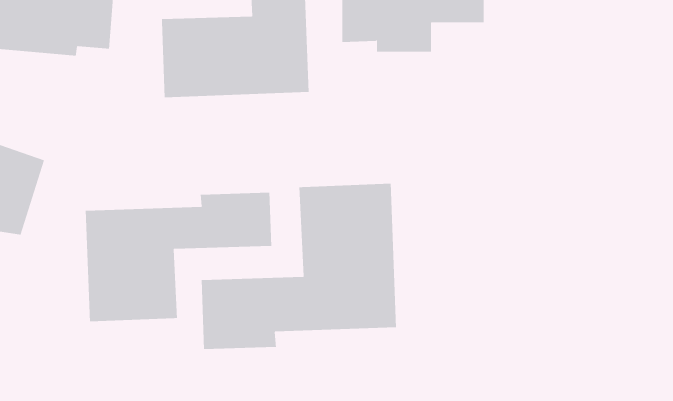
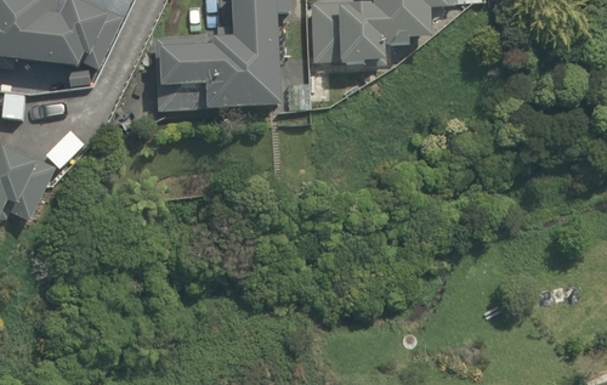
building: [201,183,397,350] -> none
building: [85,192,272,322] -> none

